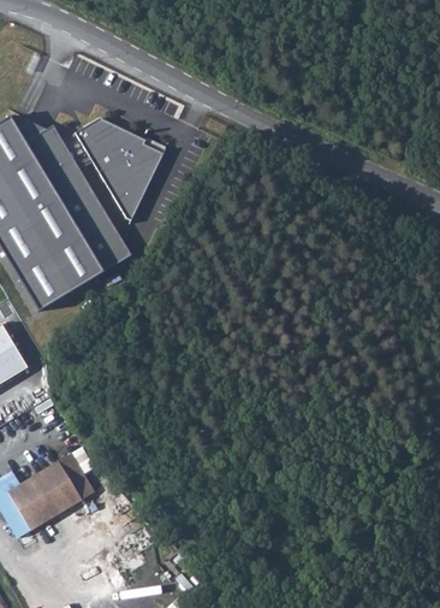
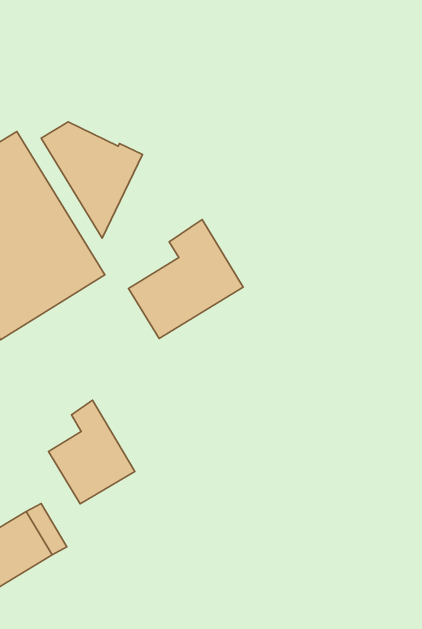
building: none -> [128,220,243,338]
building: none -> [49,400,135,504]

